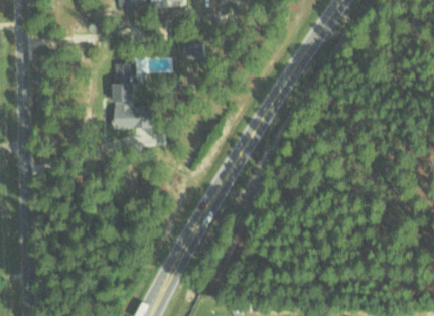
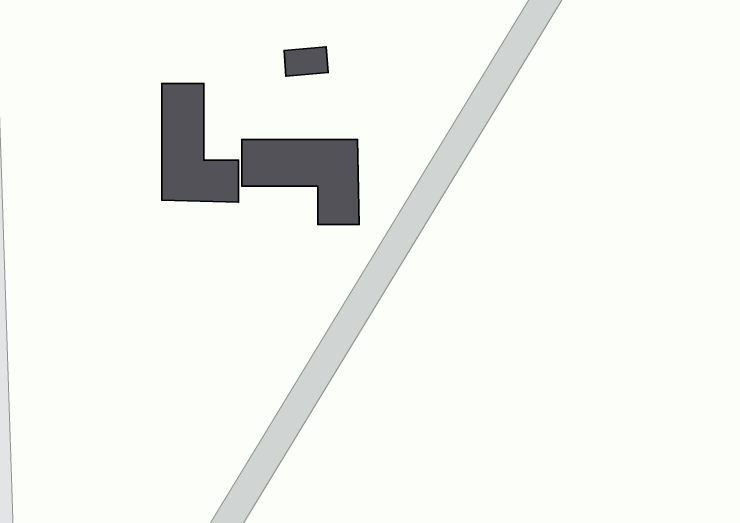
building: none -> [242,140,359,225]

